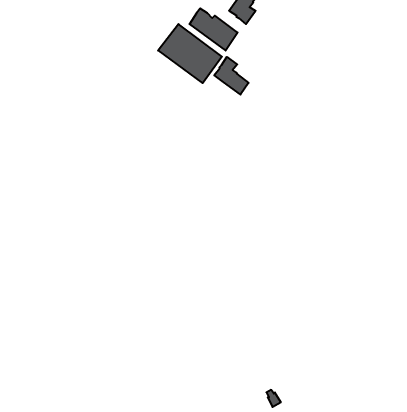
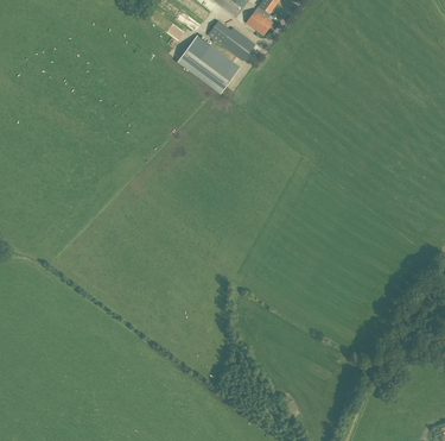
building: [214,57,249,95] -> none

